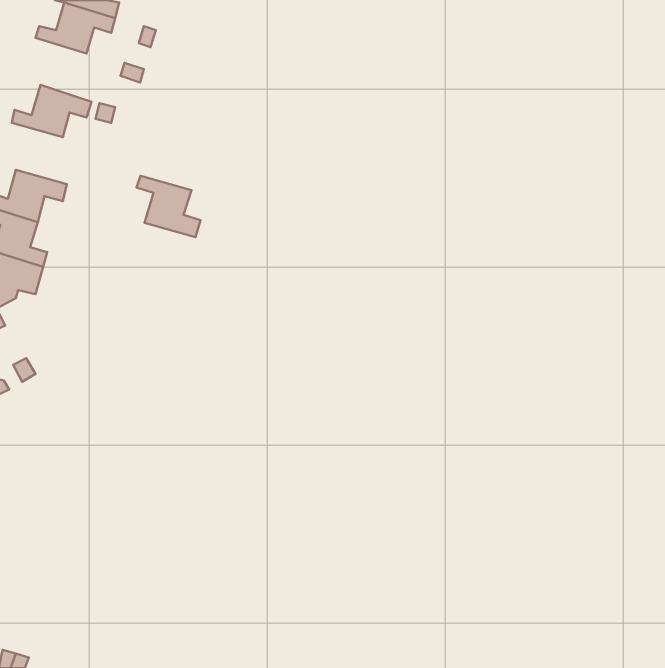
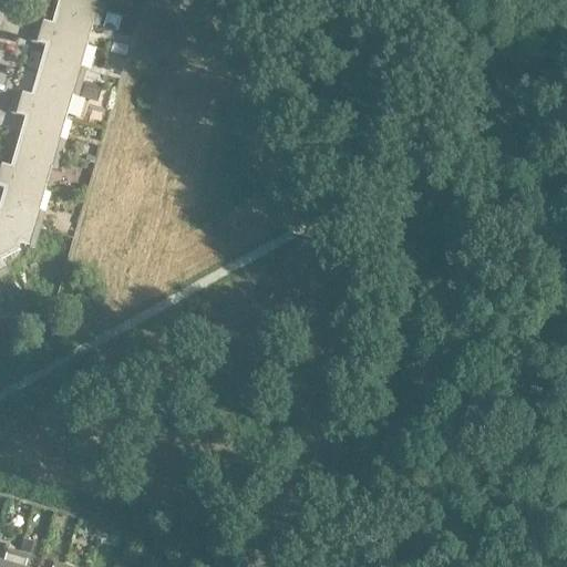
building: none -> [28,32,81,86]
building: [136,176,201,237] -> [7,104,61,156]

